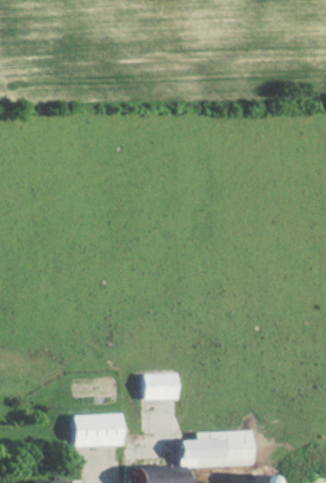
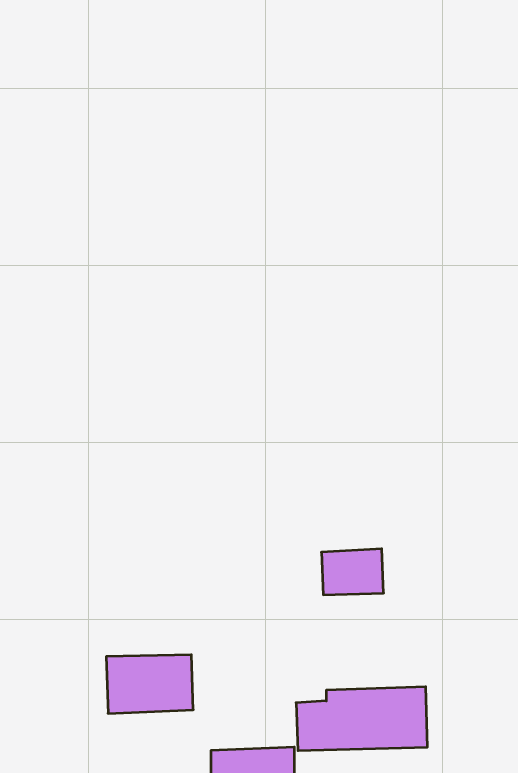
building: [144,373,179,399] -> [321,549,384,595]

